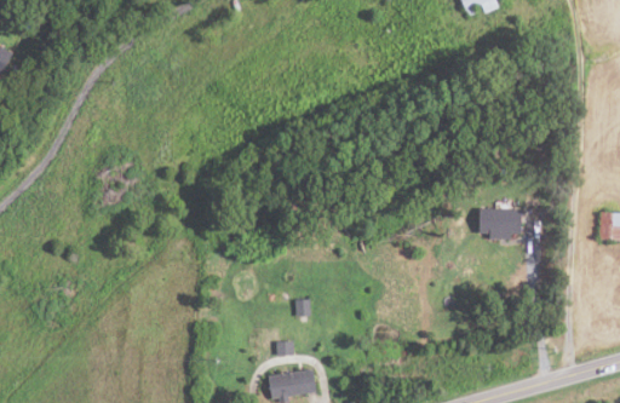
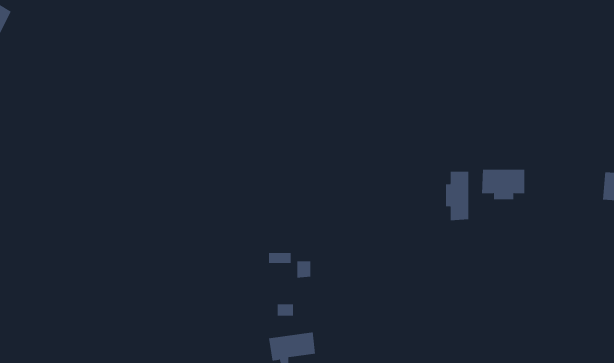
building: none -> [445,171,469,221]

